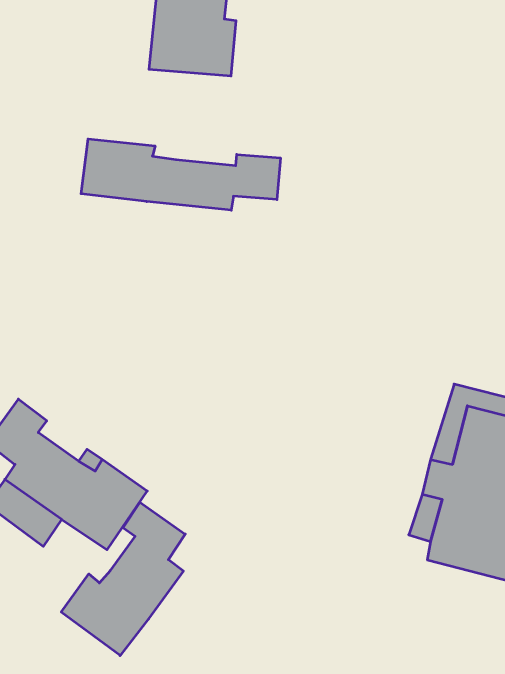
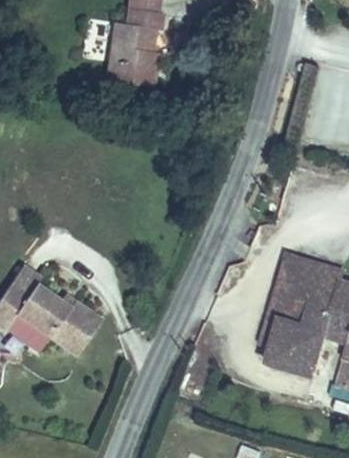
building: [81,139,280,210] -> none
building: [61,502,185,656] -> none

